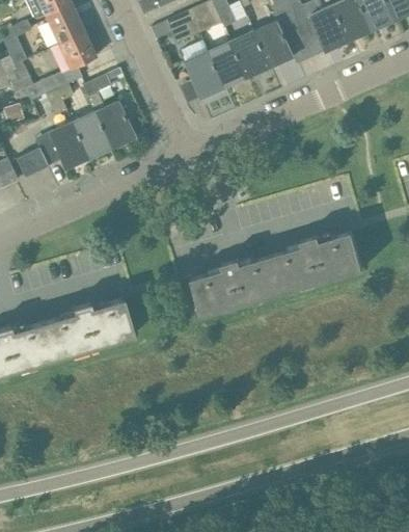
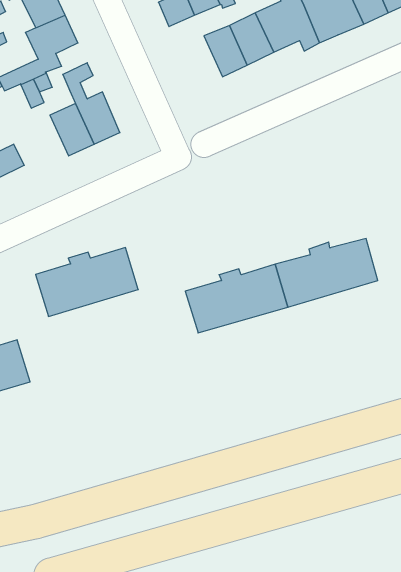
building: [187,51,225,97] -> none
building: [49,122,88,168] -> none
building: [43,298,134,360] -> [36,248,138,316]

